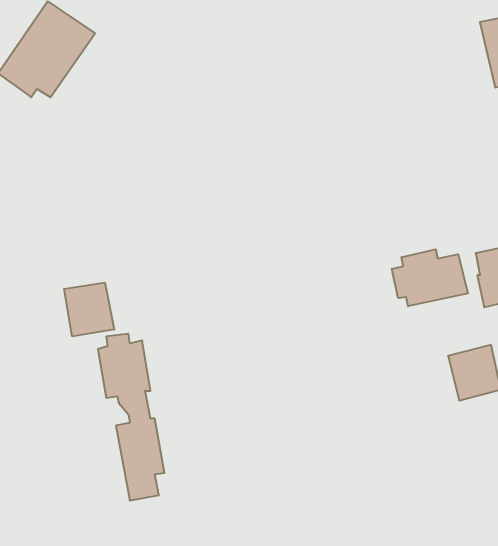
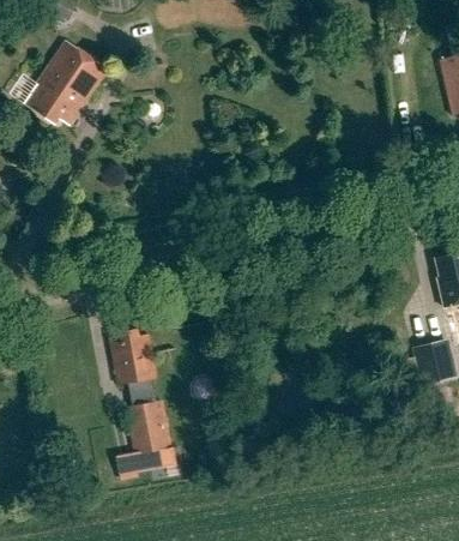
building: [392,249,468,306] -> none
building: [64,283,114,336] -> none

